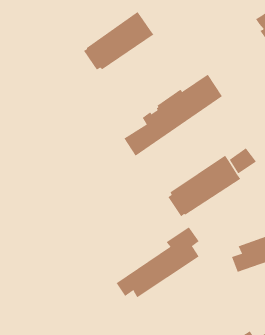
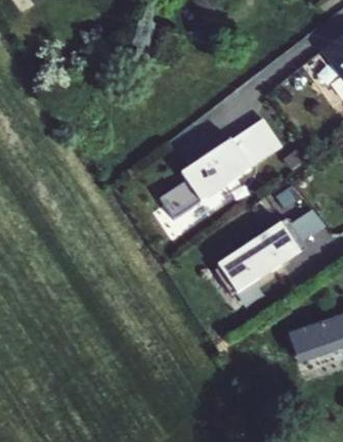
building: [83,11,154,70] -> none
building: [116,227,200,298] -> none

